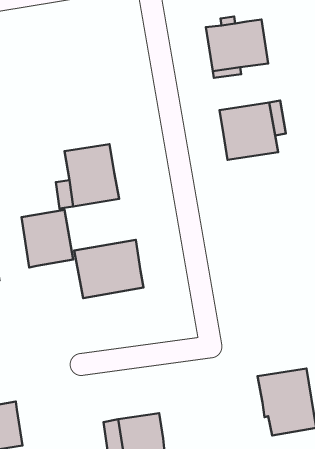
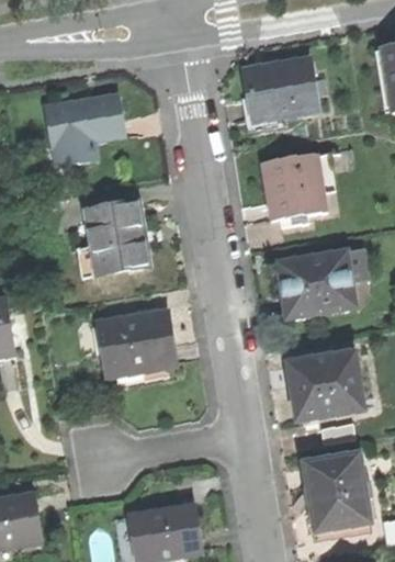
building: none -> [45,92,126,168]
building: none -> [280,246,363,318]
building: [21,210,73,268] -> none
building: none -> [287,351,361,419]

